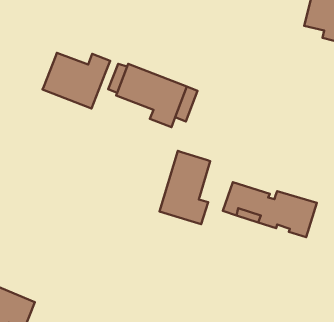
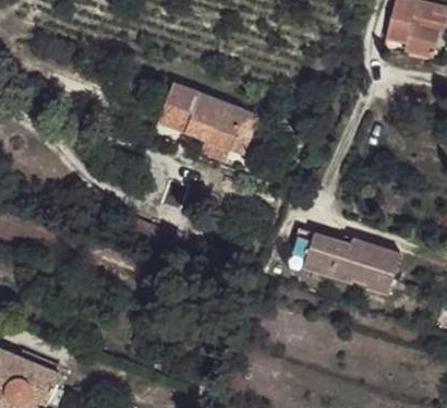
building: [42,53,110,108] -> none
building: [159,151,210,224] -> none

